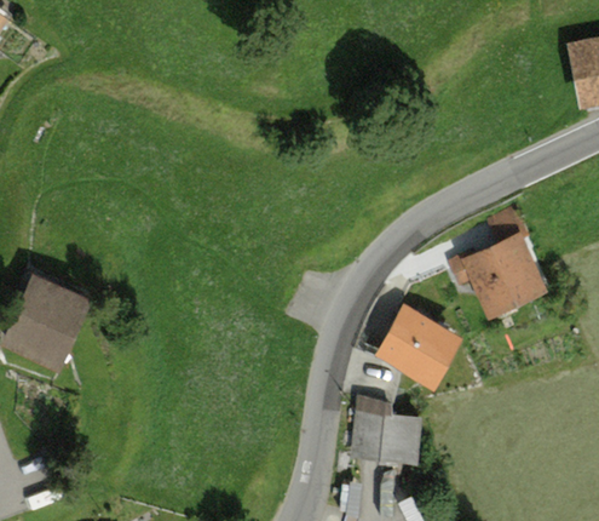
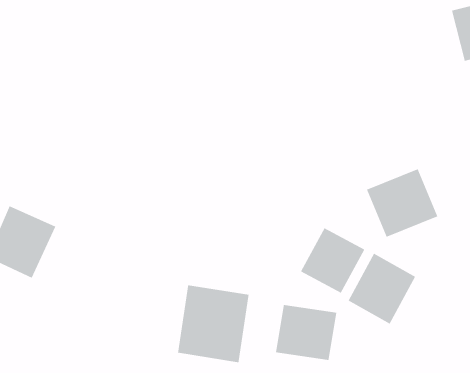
building: none -> [348,253,416,324]
building: none -> [178,284,249,363]

